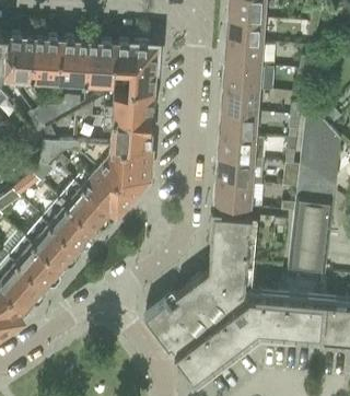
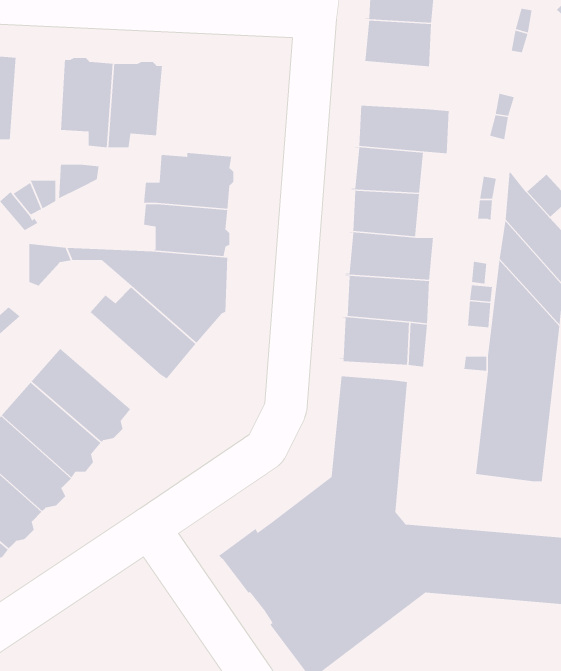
building: [31,37,60,85] -> none
building: [222,40,262,67] -> none
building: [113,42,158,93] -> none
building: [58,179,114,233] -> none

